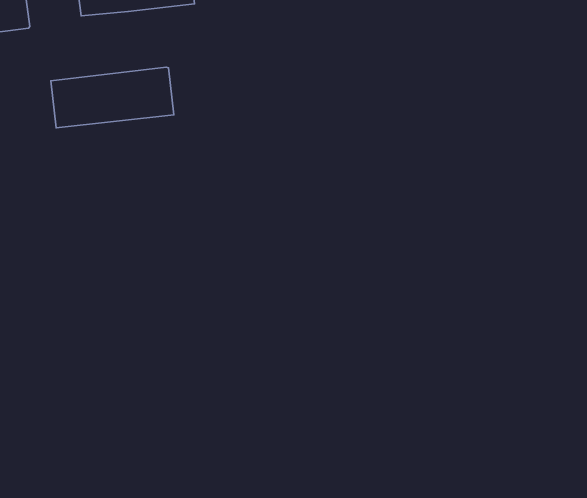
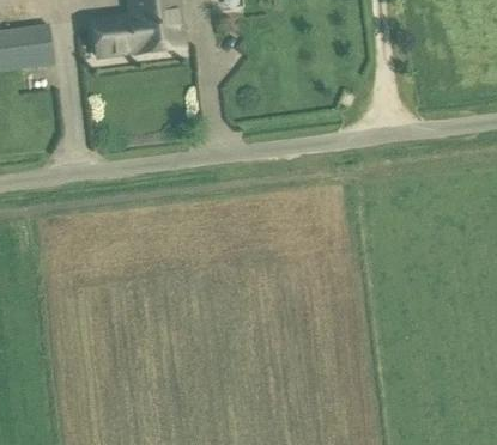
building: [51,67,174,128] -> none

